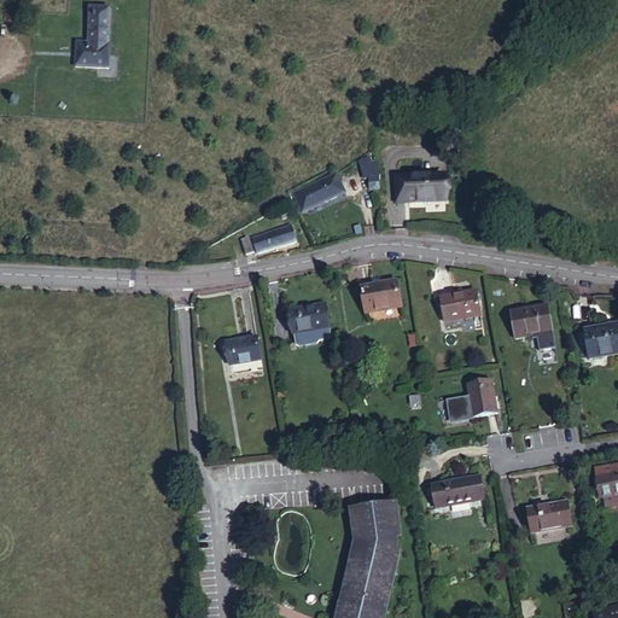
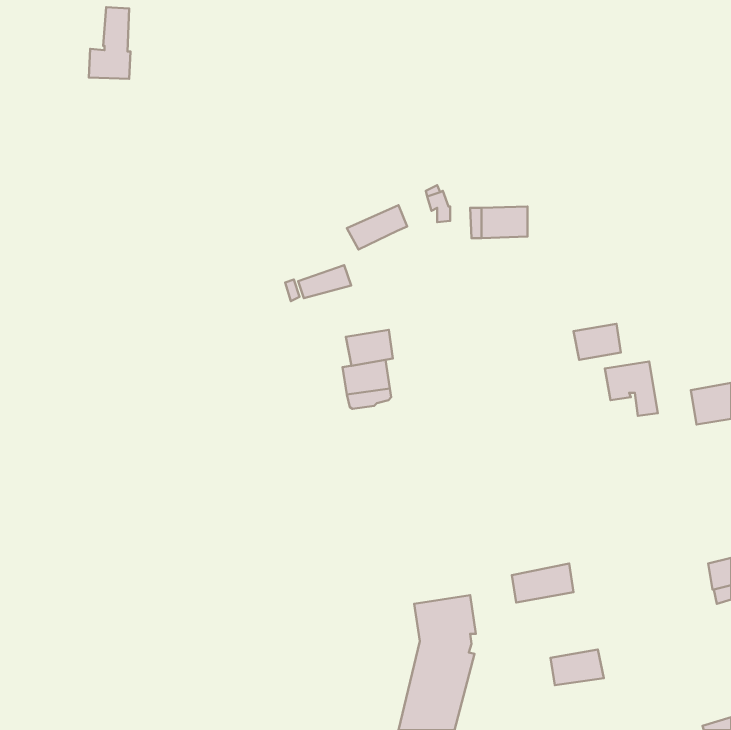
building: [360,280,400,310] -> [346,330,393,366]
building: [439,290,479,320] -> [574,324,621,360]
building: [226,336,260,363] -> none
building: [447,380,497,420] -> none
building: [526,501,571,531] -> [551,649,604,685]

